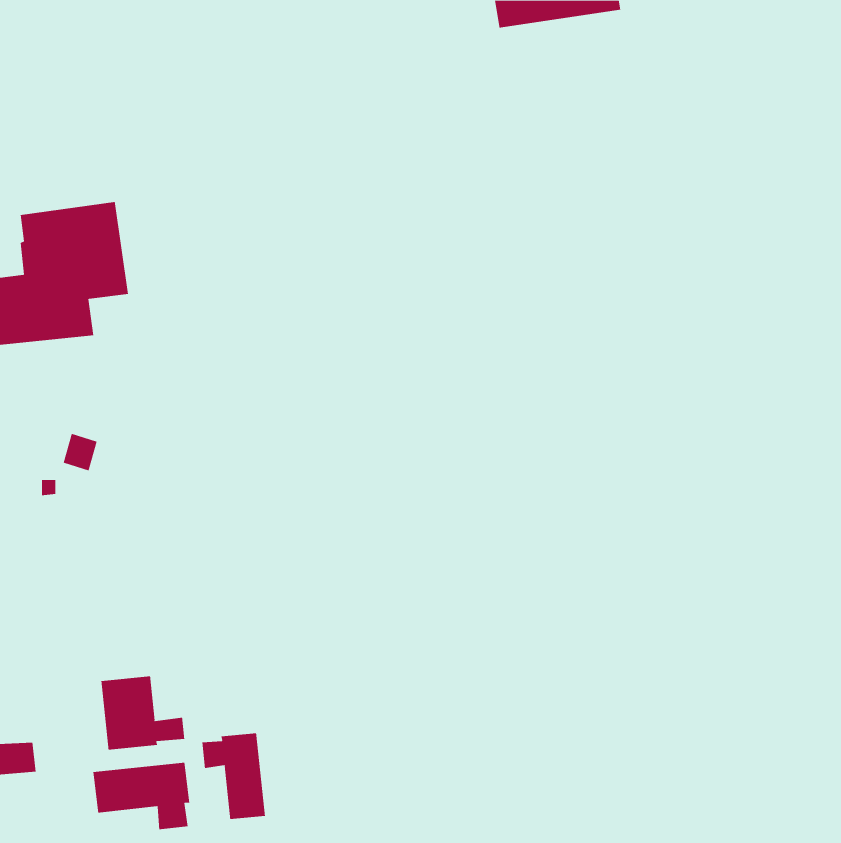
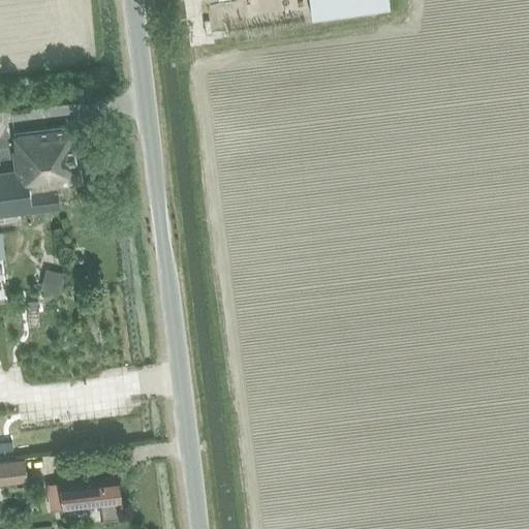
building: [101,675,185,750] -> none
building: [202,733,266,820] -> none

